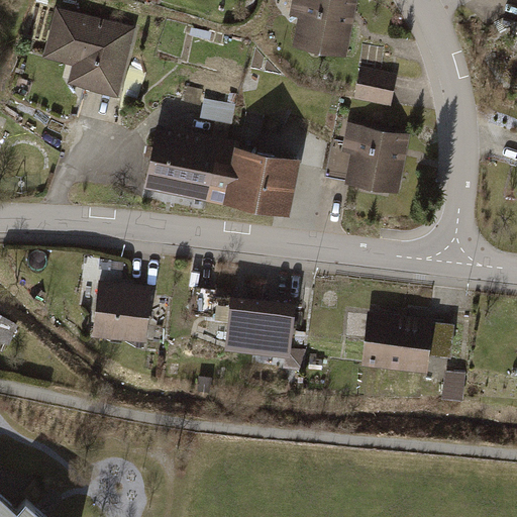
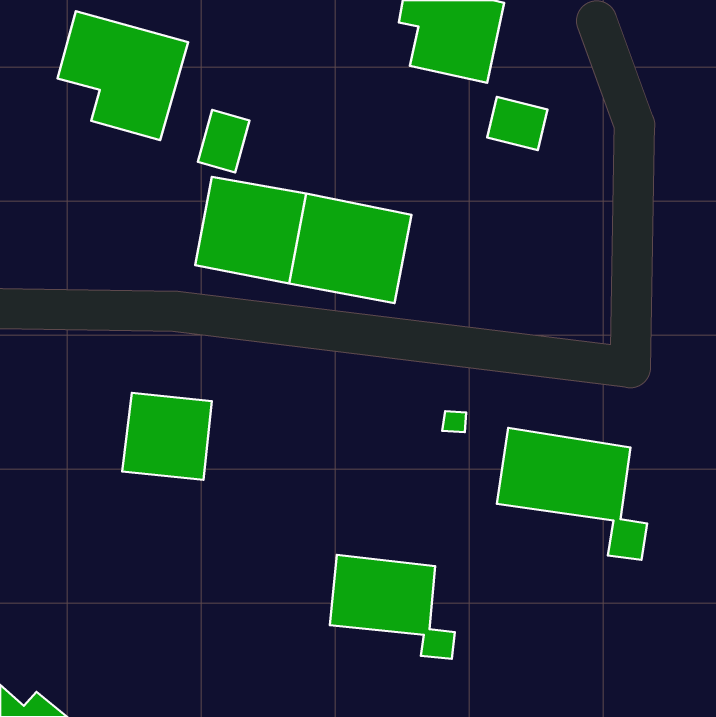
building: none -> [198,110,250,173]
building: [339,121,412,199] -> none
building: [217,297,307,372] -> [330,555,455,659]

